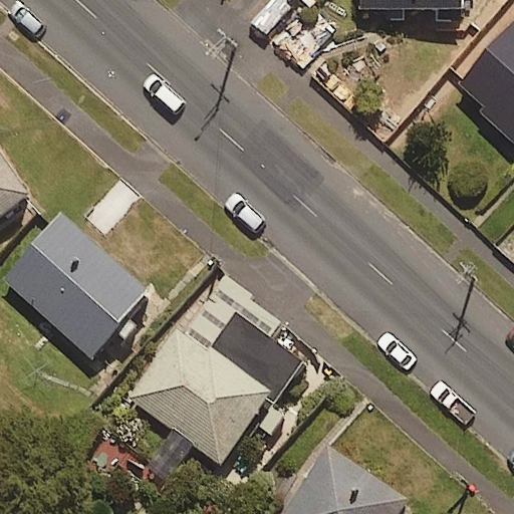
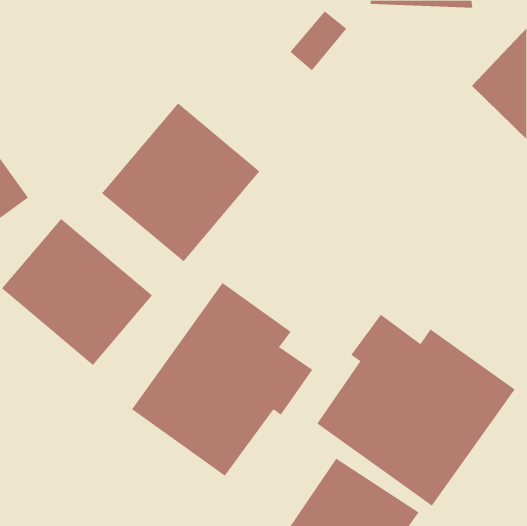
building: none -> [101,102,260,262]
building: none -> [316,314,516,506]

